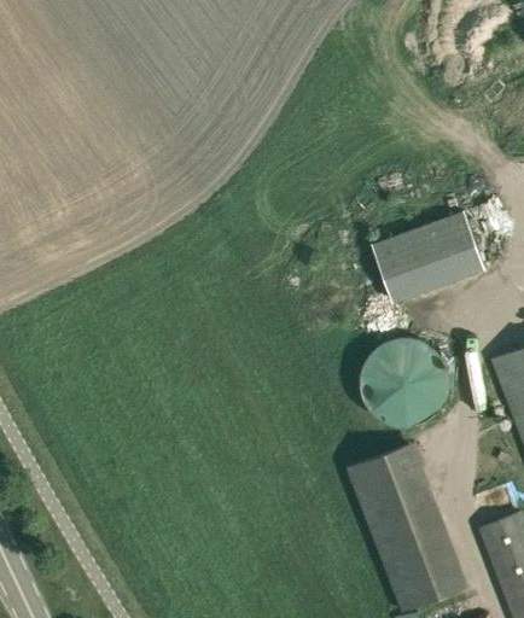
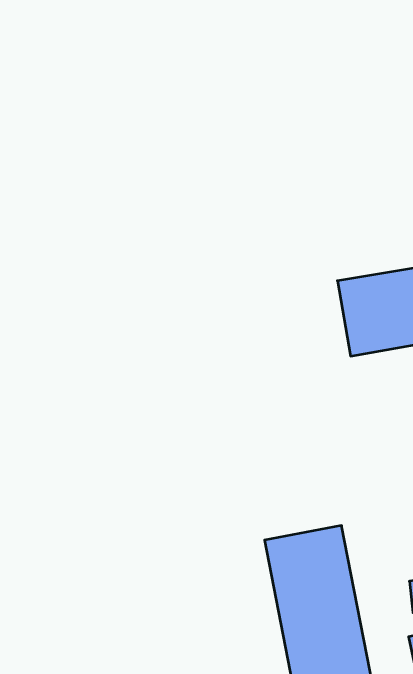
building: [359,337,447,427] -> none

